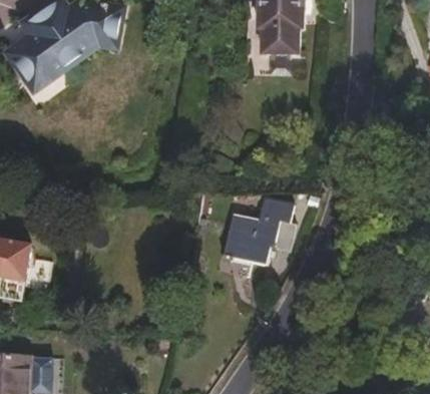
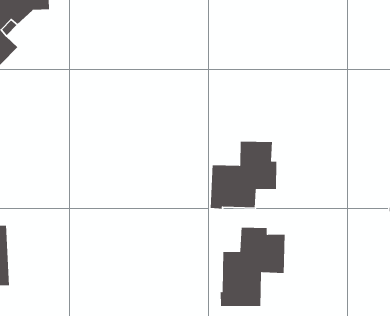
building: none -> [220,227,285,307]

